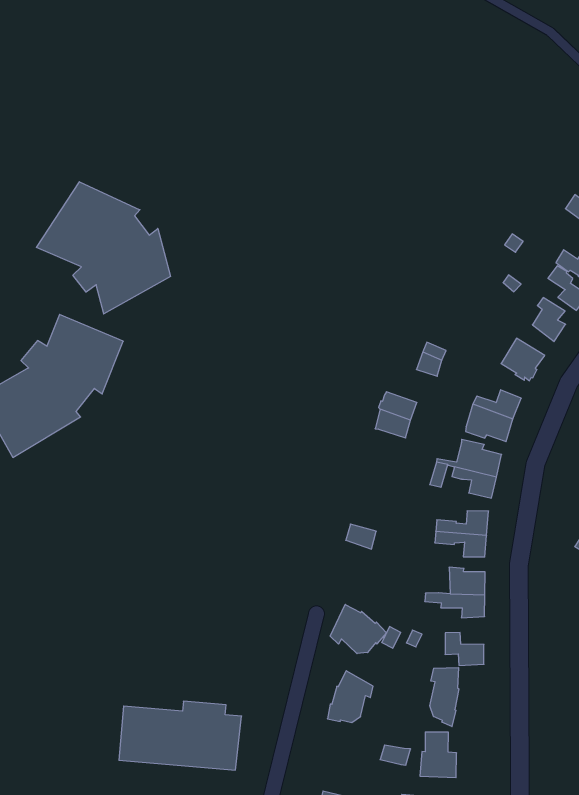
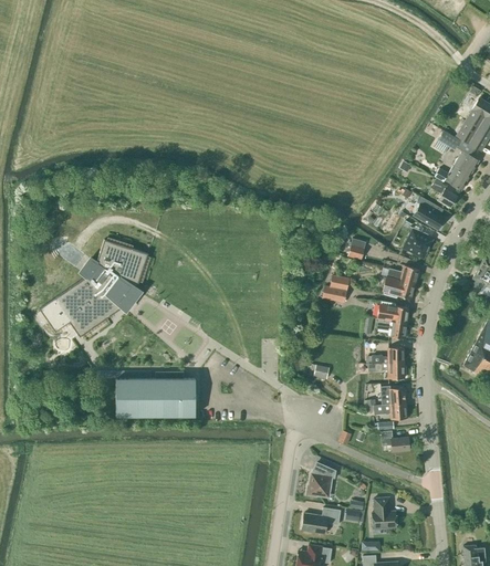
building: [36,182,170,314] -> none
building: [330,604,387,654] -> none
building: [430,668,459,727] -> none
building: [119,701,242,770] -> [115,373,195,416]
building: none -> [301,507,340,534]

